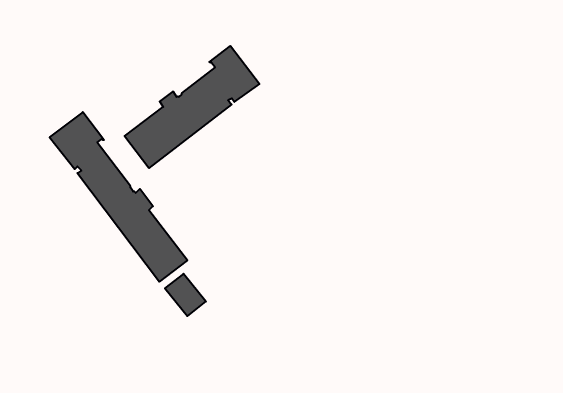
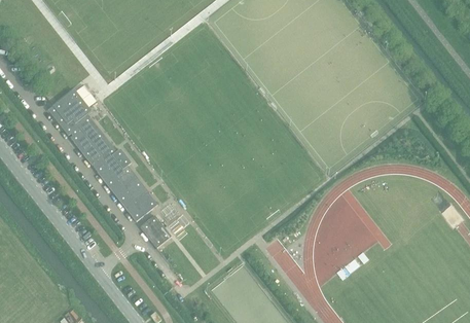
building: [125,46,259,168] -> none

